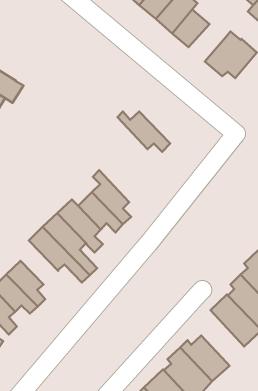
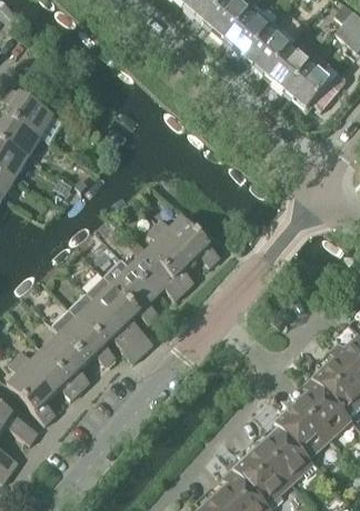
building: none -> [264,46,309,91]
building: [117,112,170,152] -> [156,217,220,265]
building: none -> [52,309,116,365]
building: none -> [276,393,332,458]

